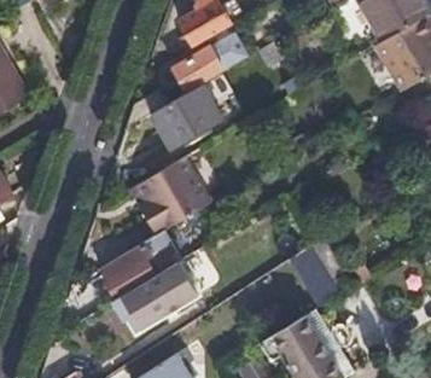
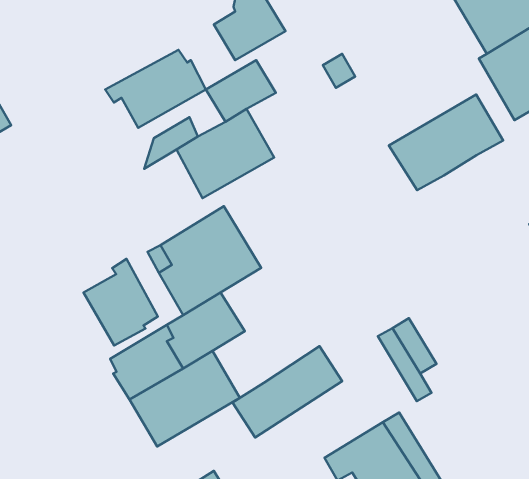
building: none -> [105,50,206,128]
building: none -> [389,95,503,190]
building: none -> [84,259,158,345]
building: none -> [232,346,342,437]

